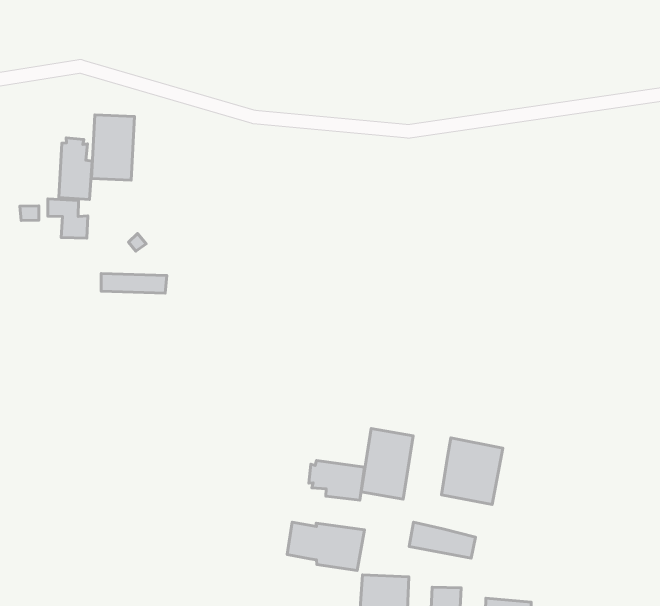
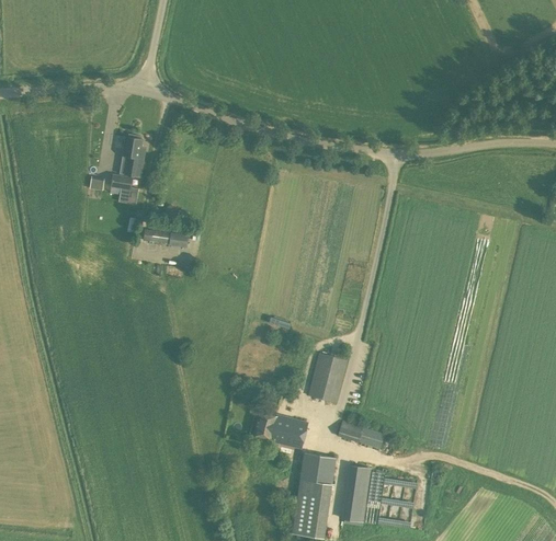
building: [91,115,135,180] -> none
building: [442,438,503,505] -> none
building: [309,460,364,500] -> none

